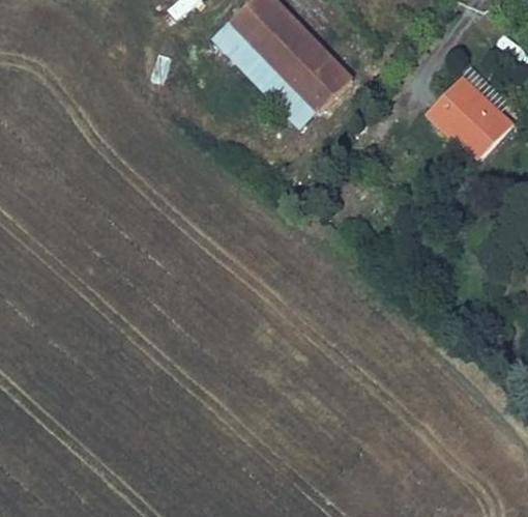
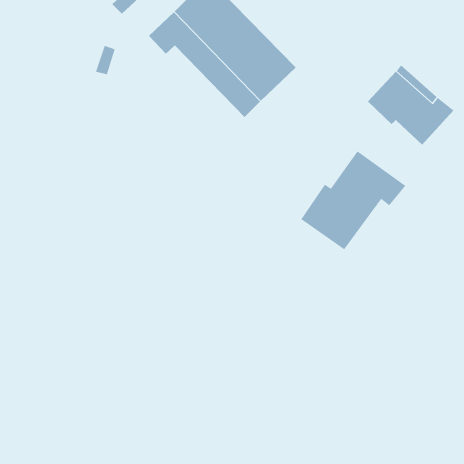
building: none -> [300,150,406,250]

